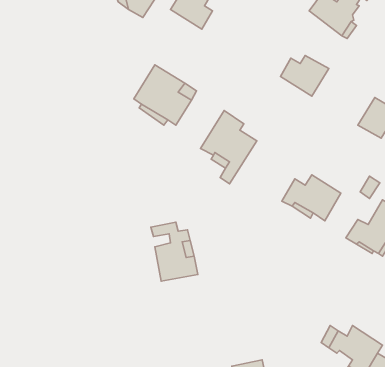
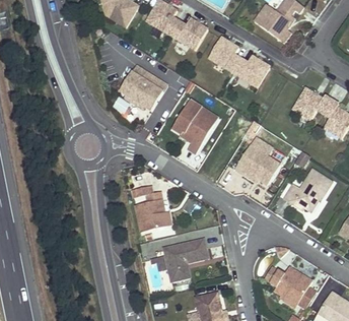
building: none -> [171,18,208,50]
building: none -> [208,37,240,72]
building: none -> [163,239,206,281]

